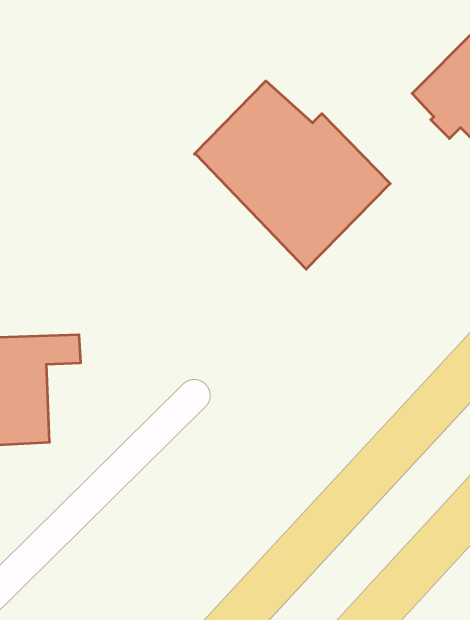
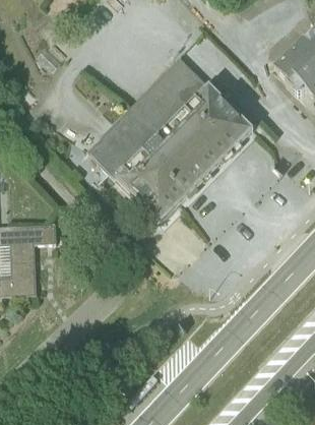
building: none -> [86,107,203,226]

